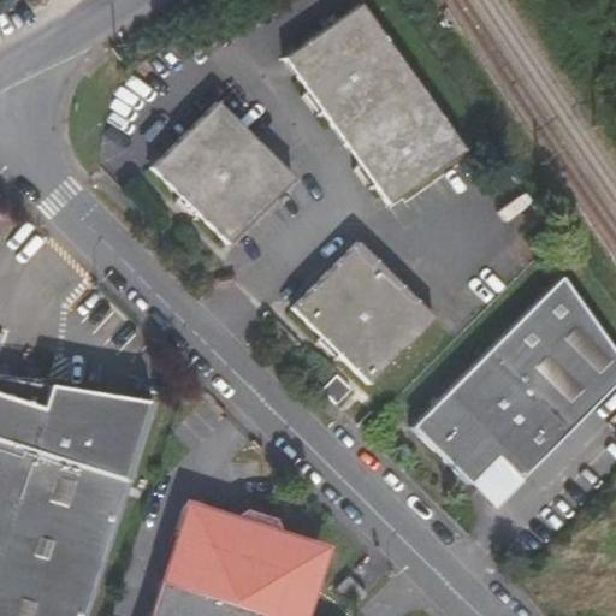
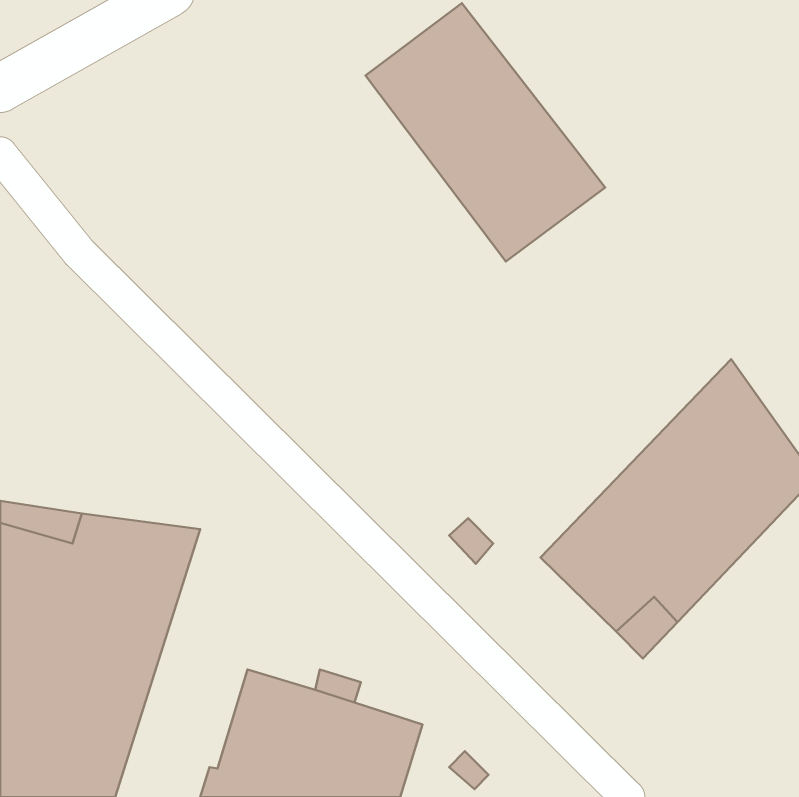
building: [150,103,295,245] -> none
building: [296,241,437,380] -> none

